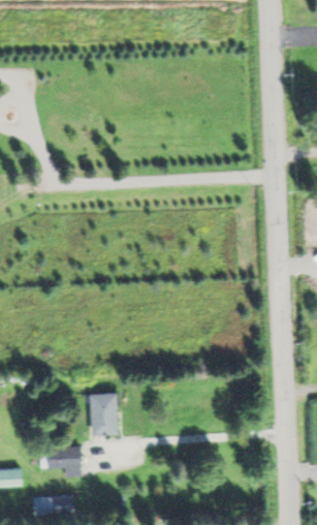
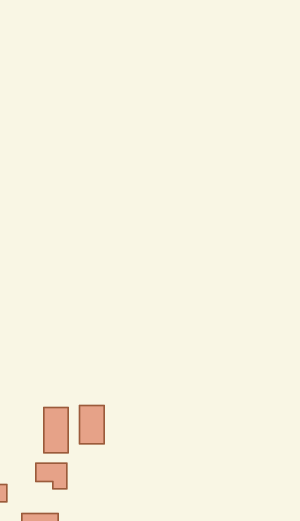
building: none -> [44,408,68,453]

